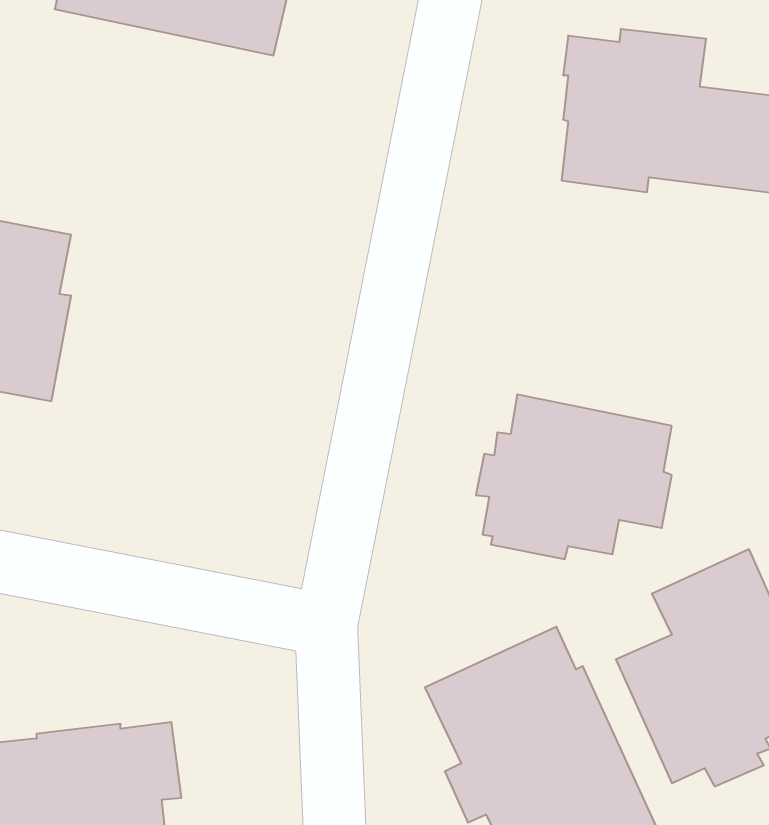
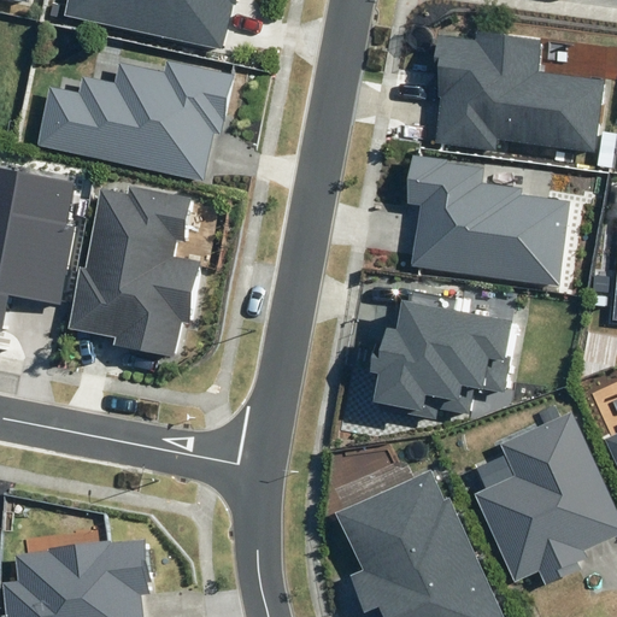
building: none -> [36,61,233,181]
building: none -> [405,155,569,286]
building: none -> [66,187,201,358]

